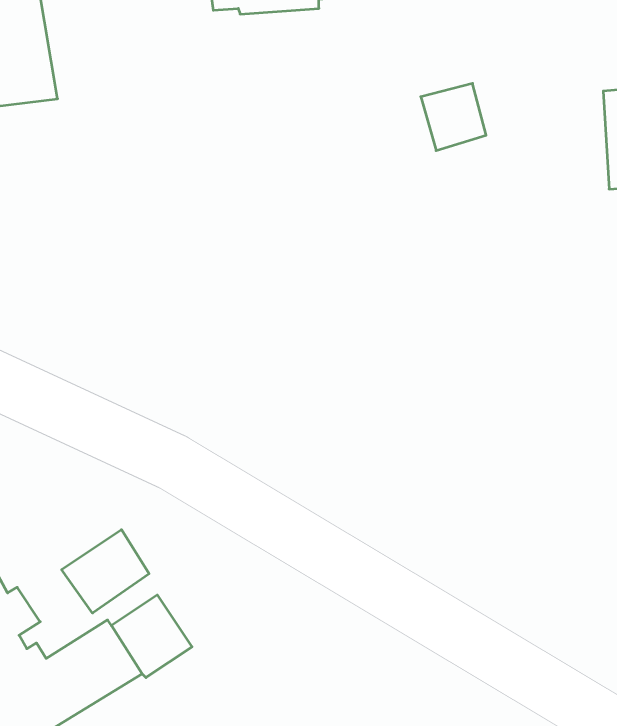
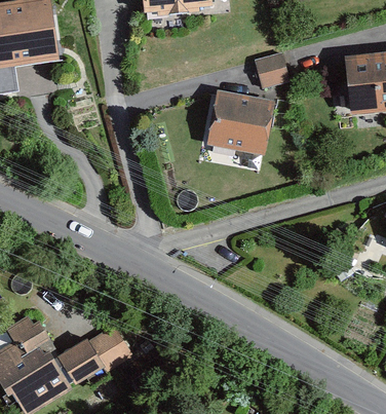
building: none -> [204,89,275,152]
building: [62,530,149,613] -> none

